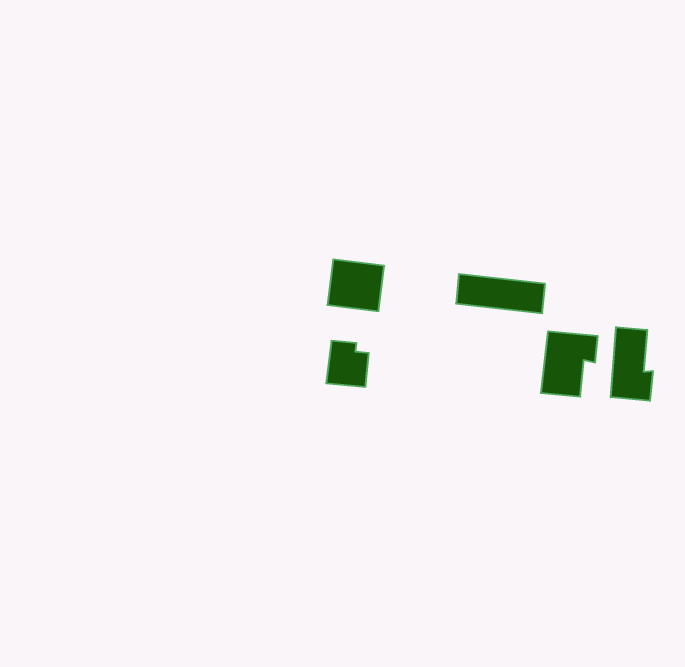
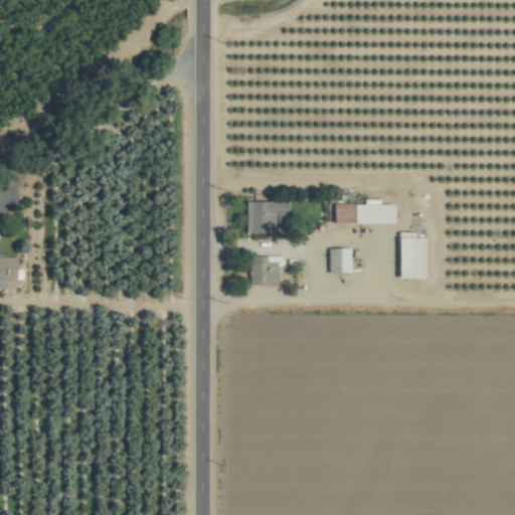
building: [611,327,653,401] -> none
building: none -> [331,247,353,274]

